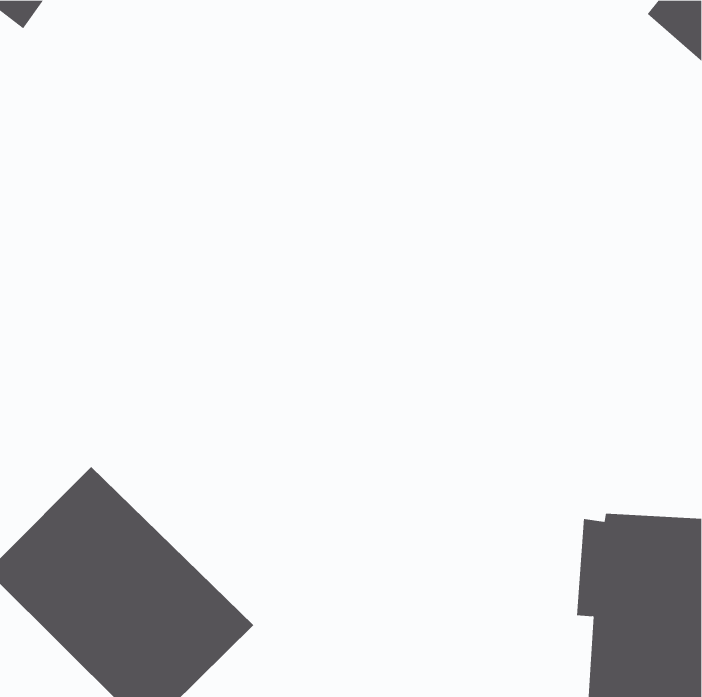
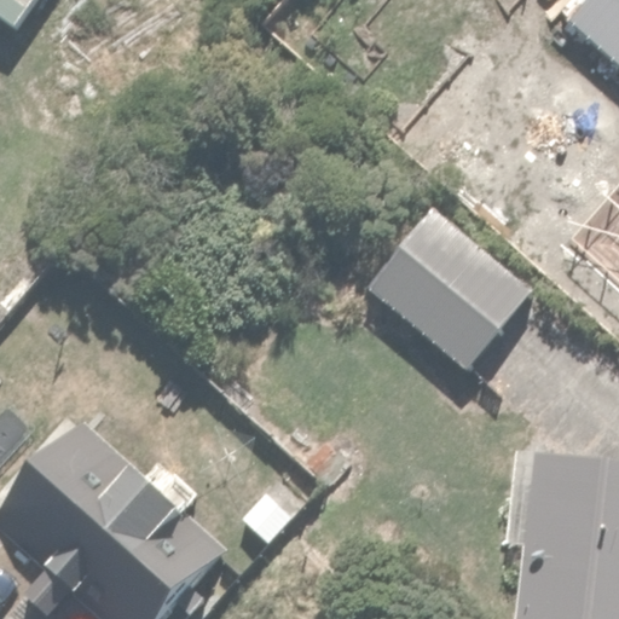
building: none -> [363,208,533,375]

